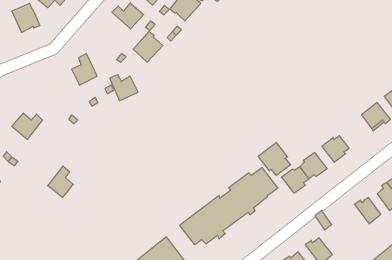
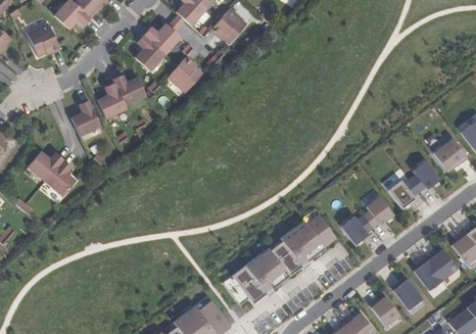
building: none -> [135,34,165,70]
building: none -> [72,100,101,136]
building: [110,75,138,101] -> [113,75,146,105]
building: none -> [409,160,440,192]
building: [258,142,291,175] -> none
building: [48,166,73,198] -> [46,159,76,196]
building: none -> [414,257,443,290]
building: none -> [393,281,425,312]

